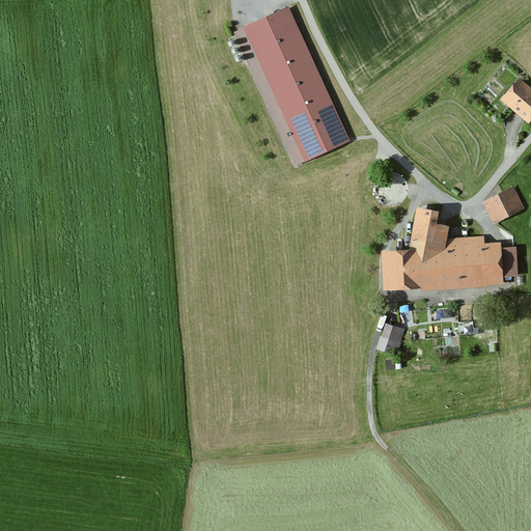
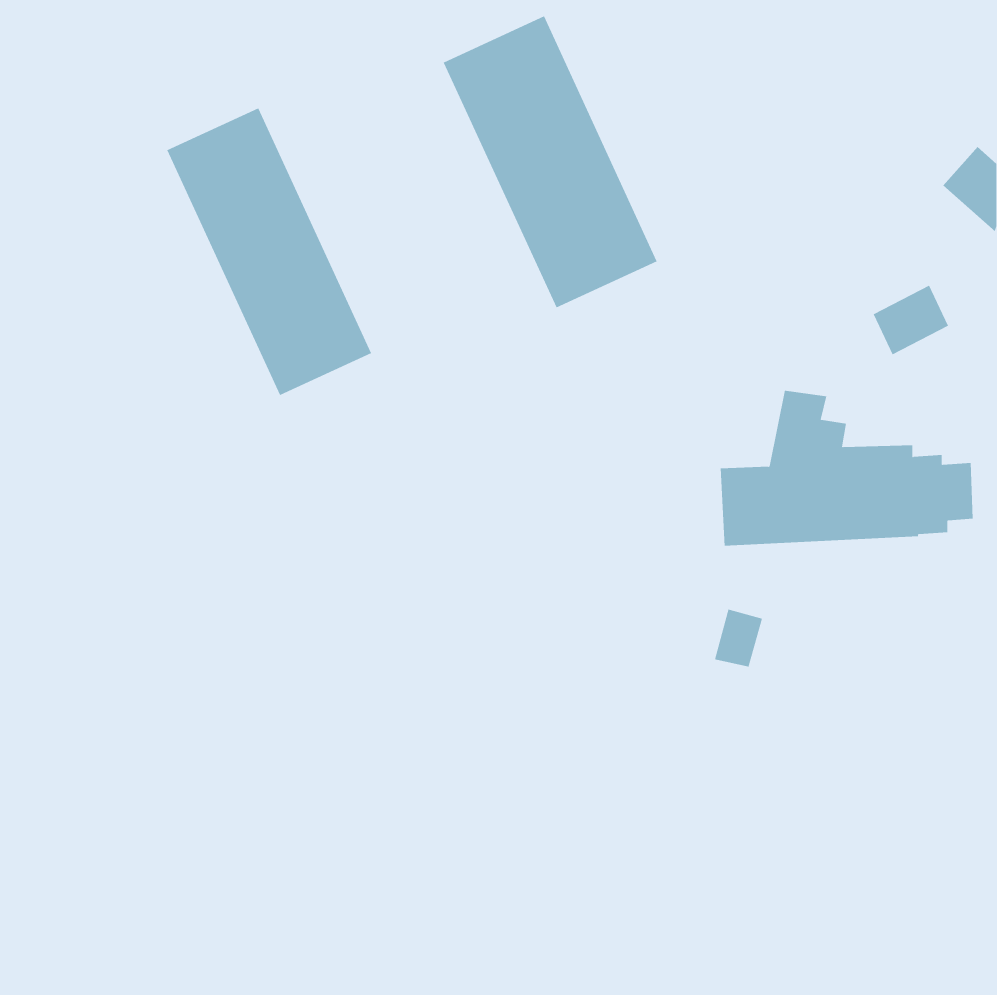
building: none -> [166,107,372,396]
building: [484,187,525,224] -> [873,285,949,355]

